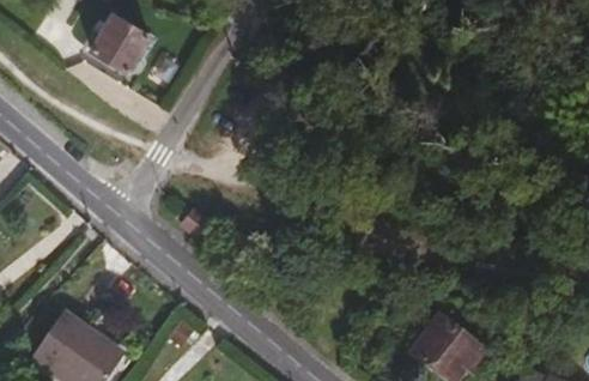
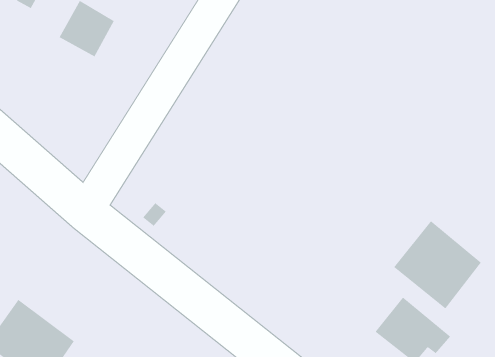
building: none -> [393,220,482,309]

